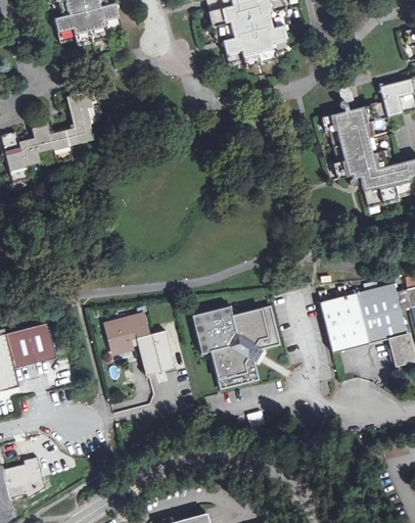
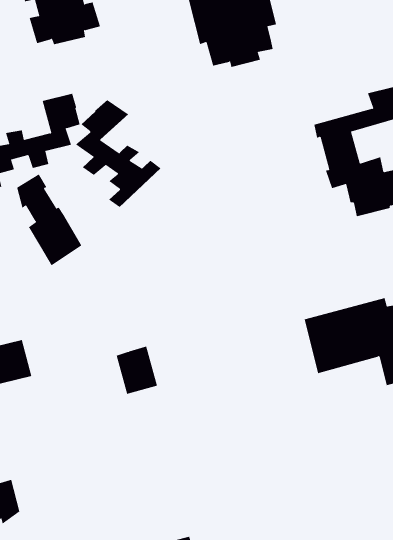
building: none -> [75,99,162,208]
building: none -> [16,174,82,266]
building: [191,304,280,388] -> none
building: [105,313,148,353] -> none

